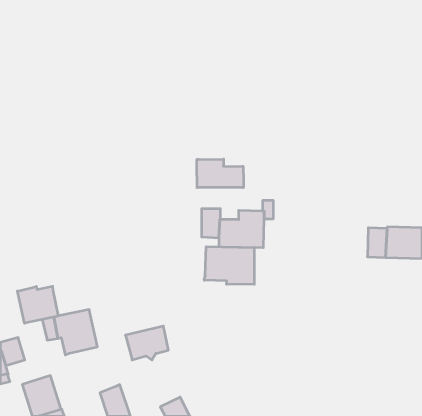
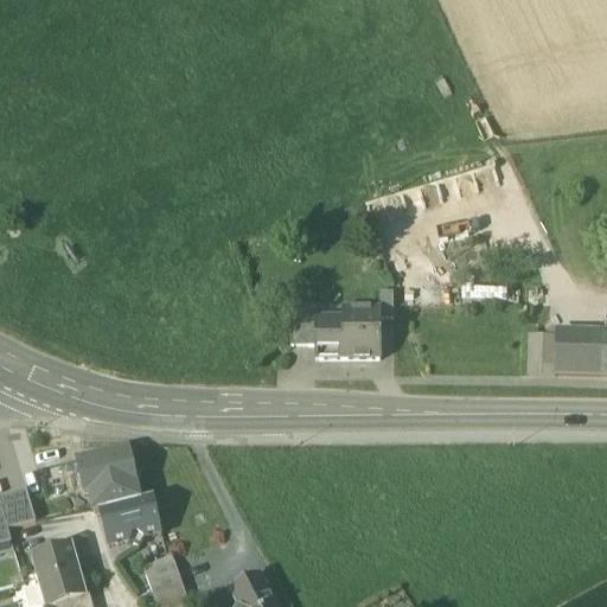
building: [197,159,244,188] -> none
building: [204,247,254,284] -> none
building: [17,286,58,323] -> none
building: [125,326,168,360] -> [100,494,161,543]

